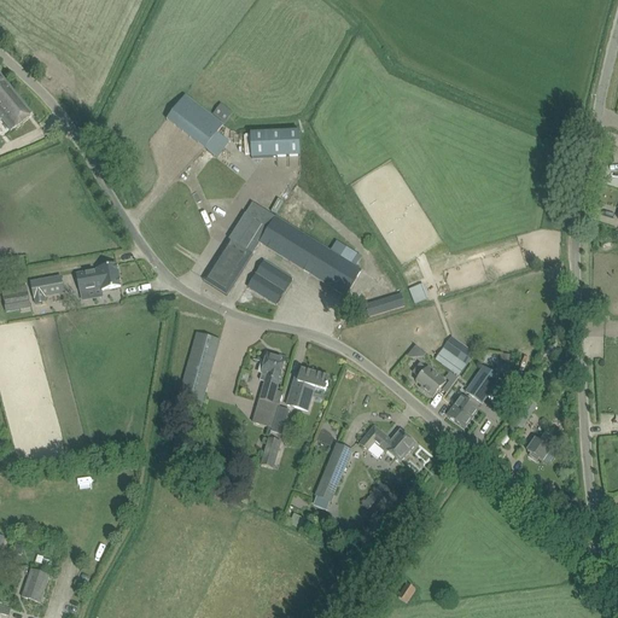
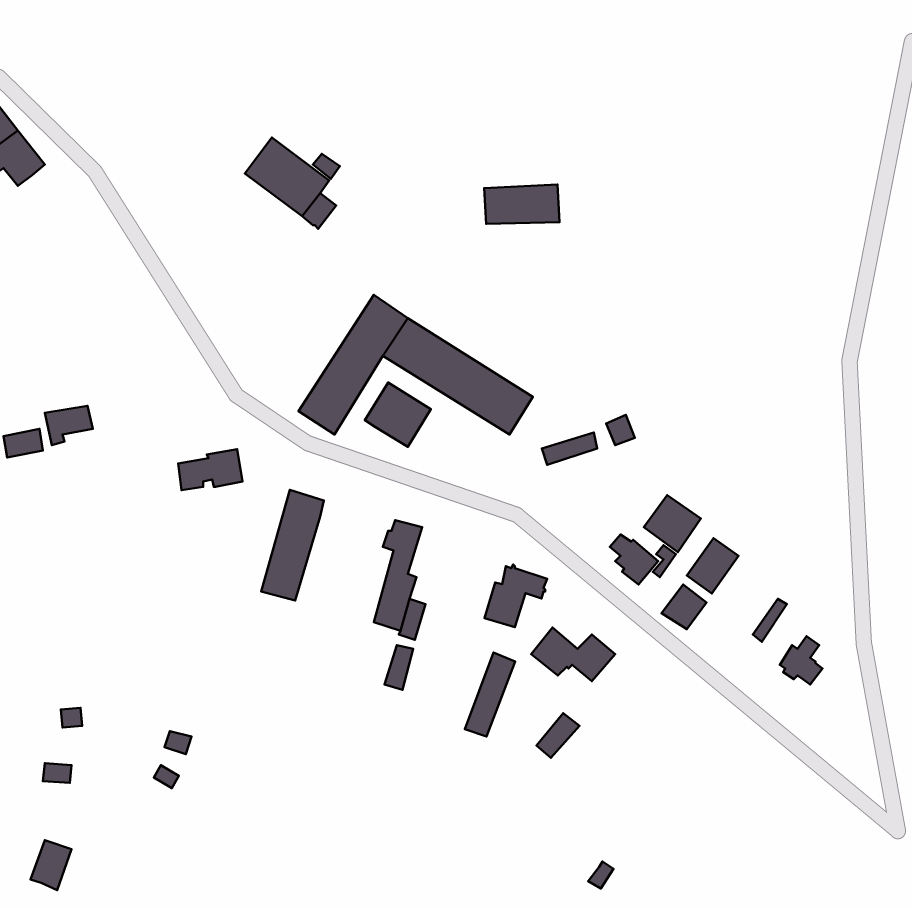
building: [249,128,299,154] -> [484,185,559,224]
building: [76,262,119,290] -> [178,449,242,490]
building: [286,366,328,408] -> [484,565,547,627]

